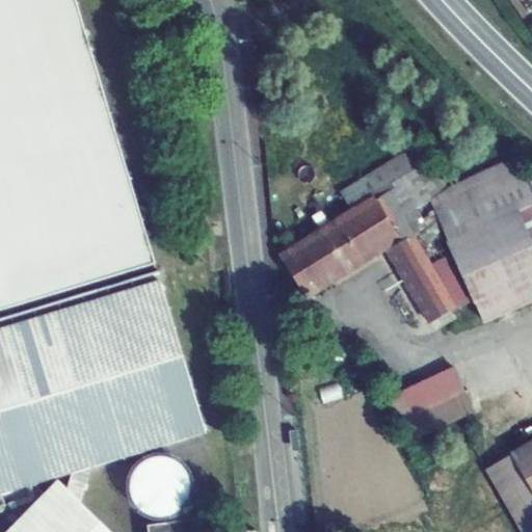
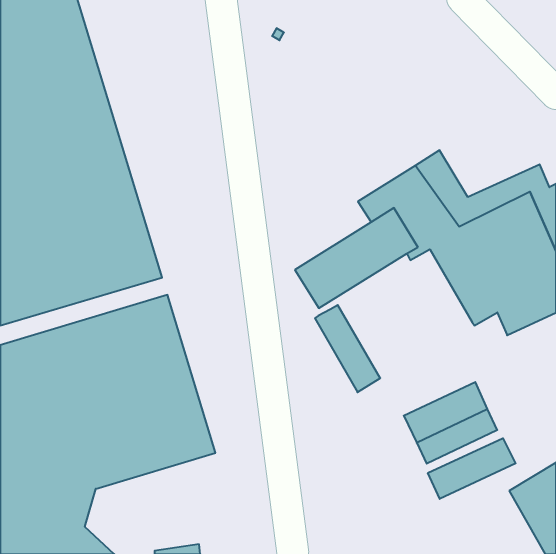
building: [389,238,451,321] -> [315,305,380,392]
building: none -> [428,438,516,499]
building: [129,454,188,514] -> none

